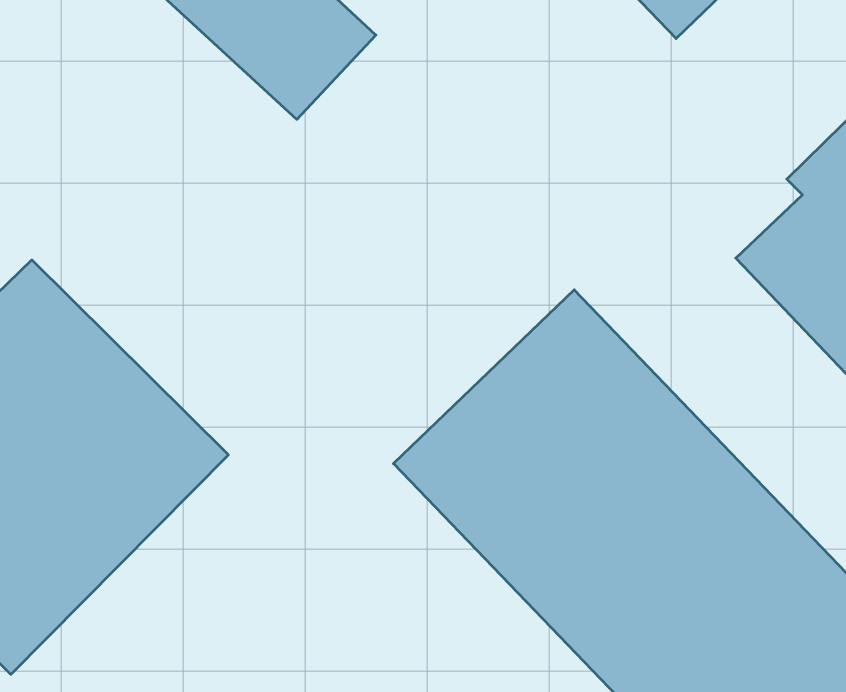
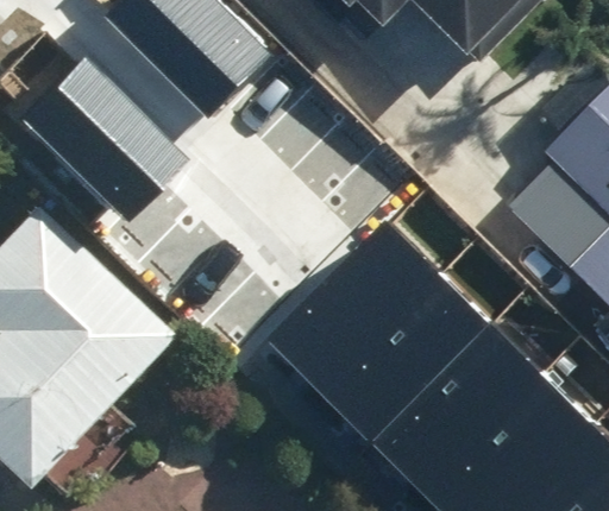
building: none -> [25,65,183,220]

